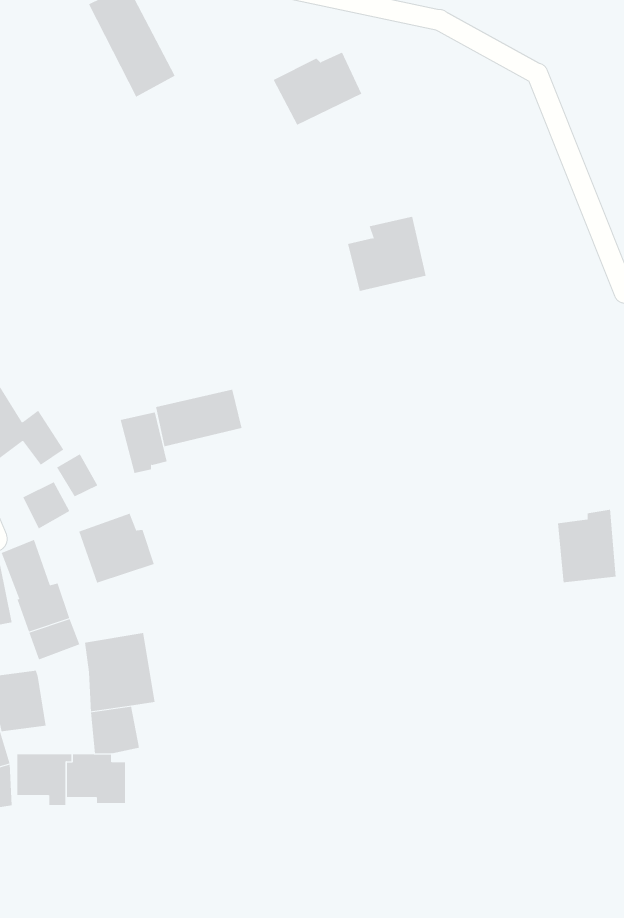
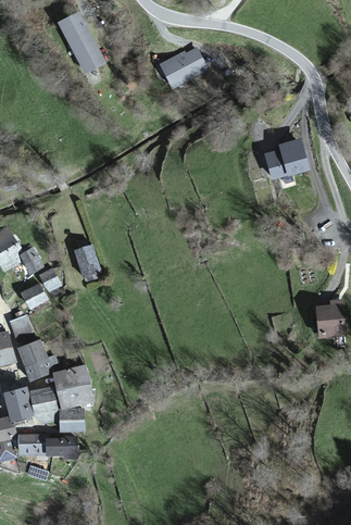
building: [347,216,427,292] -> [264,138,308,179]
building: [156,389,242,447] -> none
building: [78,513,155,584] -> none
building: none -> [29,387,58,422]

